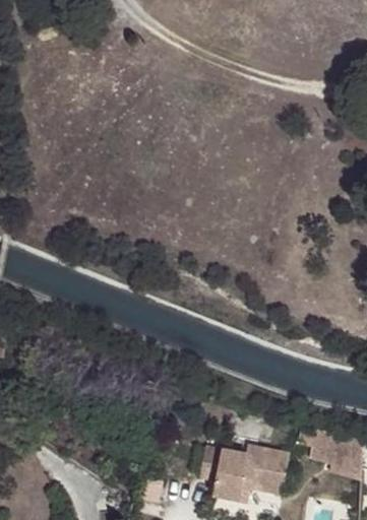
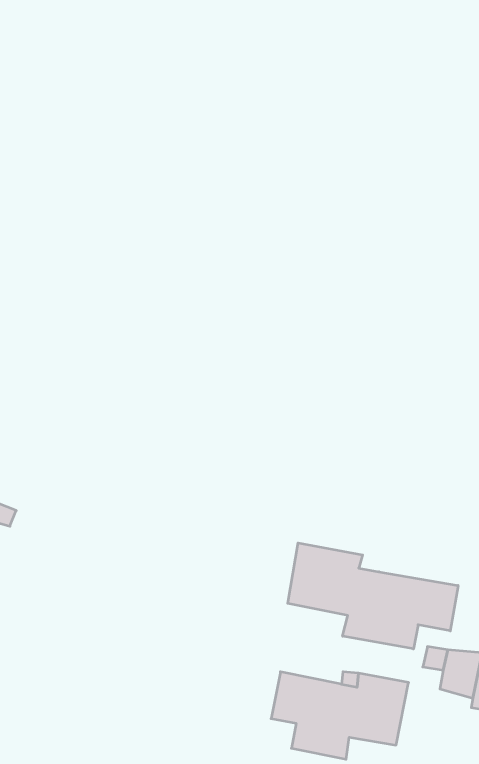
building: none -> [288,543,458,649]

